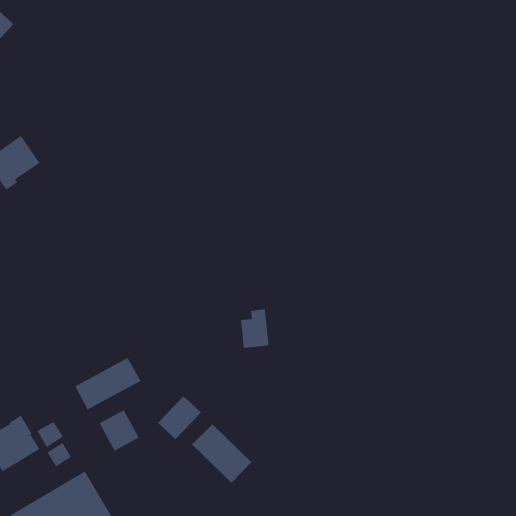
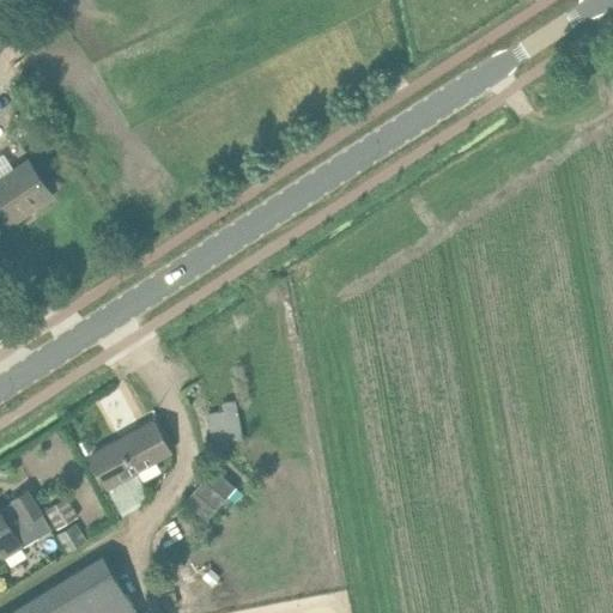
building: [240,308,269,349] -> [208,401,243,449]
building: [99,409,140,452] -> none
building: [191,424,252,483] -> none

